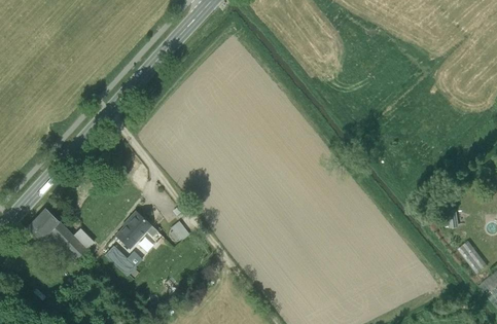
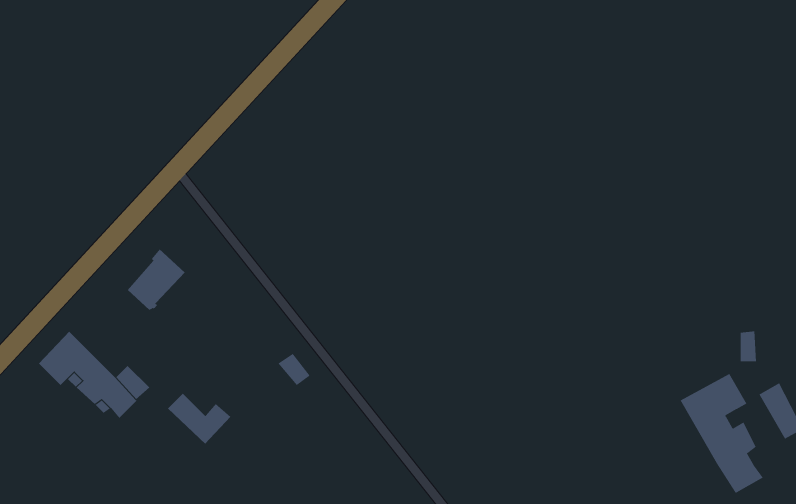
building: [117,212,152,249] -> [127,248,185,310]
building: none -> [680,373,763,494]

